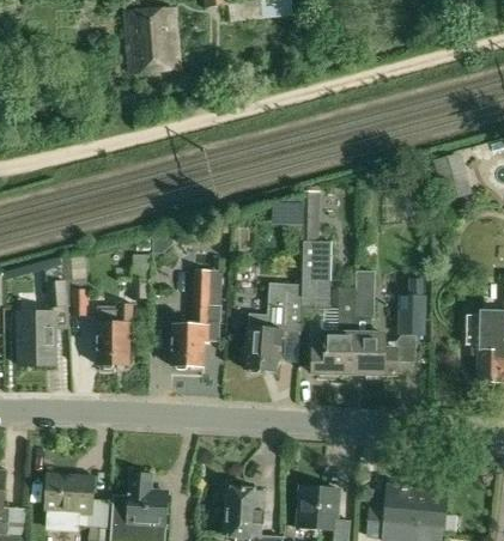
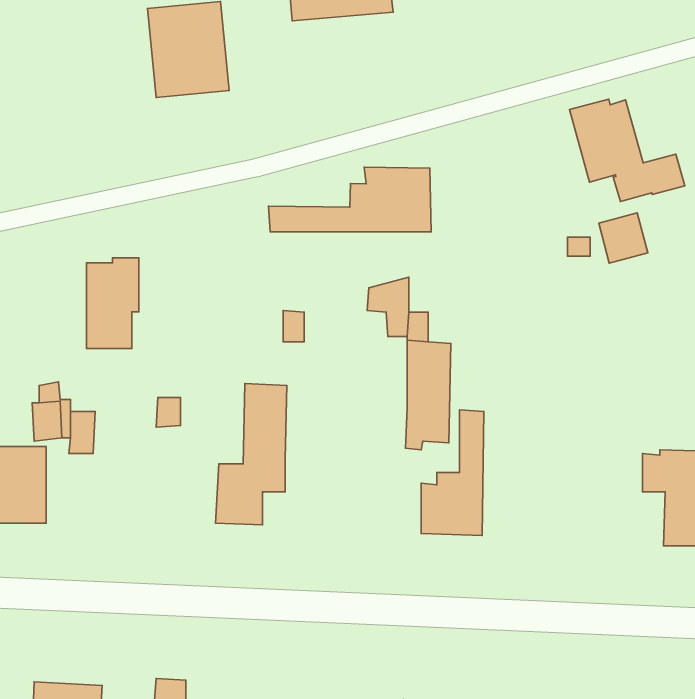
building: none -> [569,99,685,201]
building: none -> [268,167,431,232]
building: [397,279,424,335] -> none
building: [241,284,303,372] -> none
building: [354,285,396,378] -> none
building: [97,303,133,365] -> [86,258,139,348]

